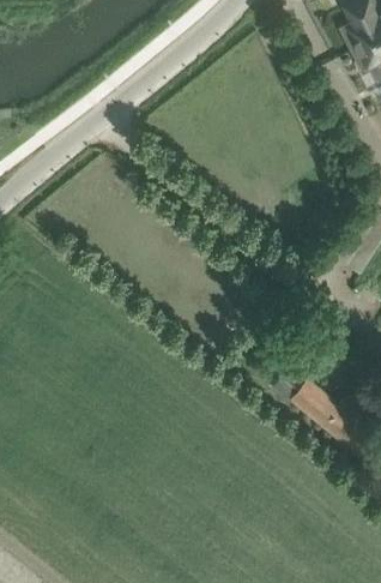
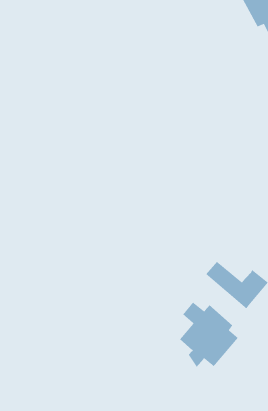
building: none -> [179,301,239,368]

